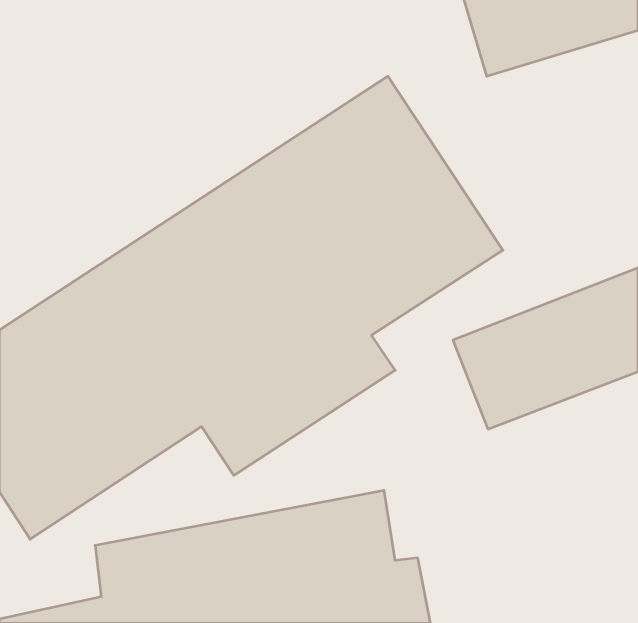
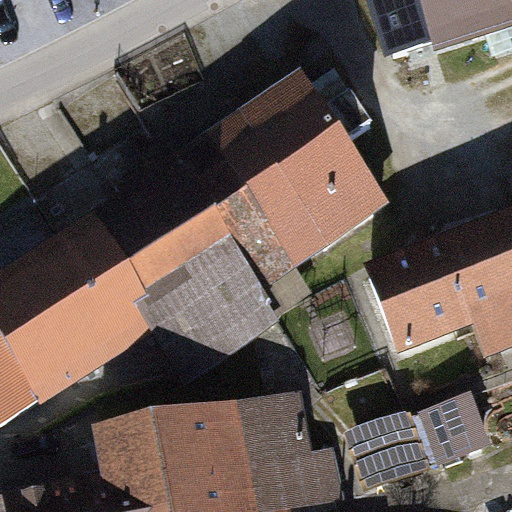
building: none -> [349,387,494,486]

